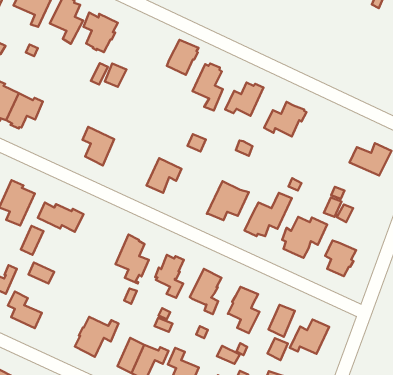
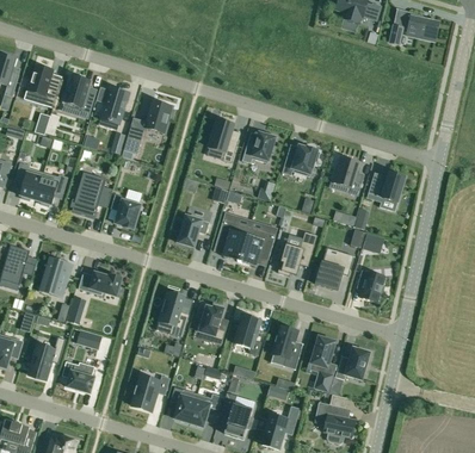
building: [167,40,198,75] -> [144,100,172,132]
building: none -> [70,172,113,217]
building: none -> [332,156,364,194]
building: none -> [216,219,249,261]

